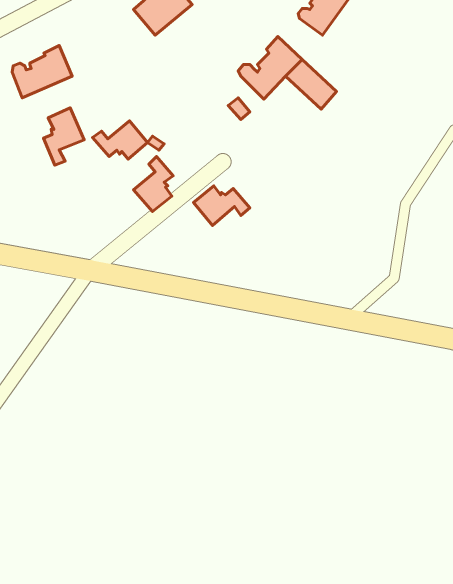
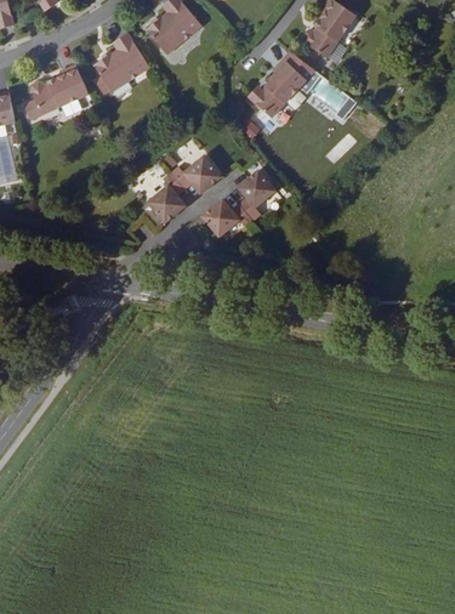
building: none -> [95,33,150,91]
building: [44,108,84,165] -> none
building: [93,121,147,159] -> [169,155,221,192]
building: none -> [241,167,279,220]

